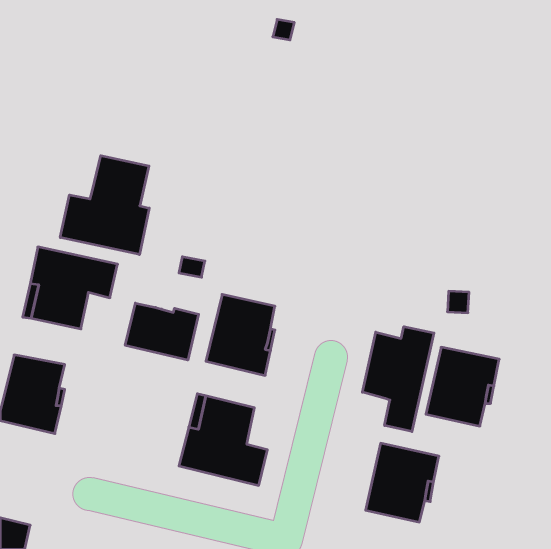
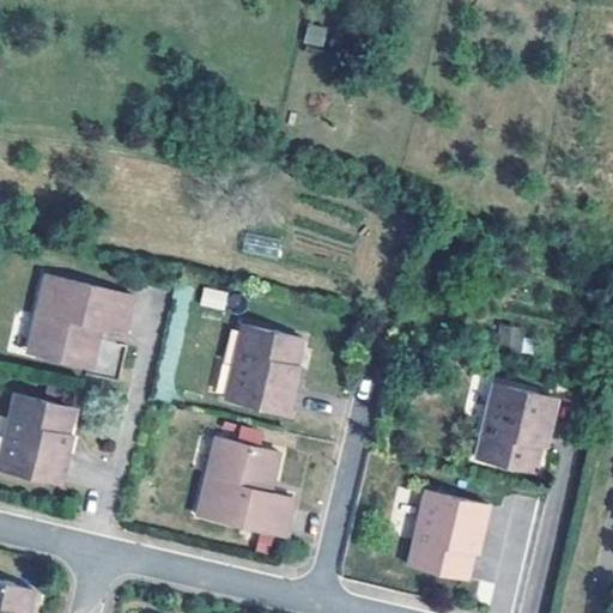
building: [60,156,149,255] -> none
building: [125,303,199,360] -> none
building: [362,327,434,432] -> none

